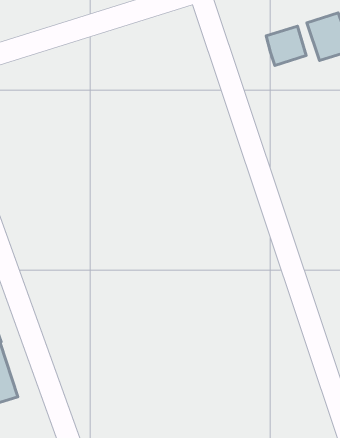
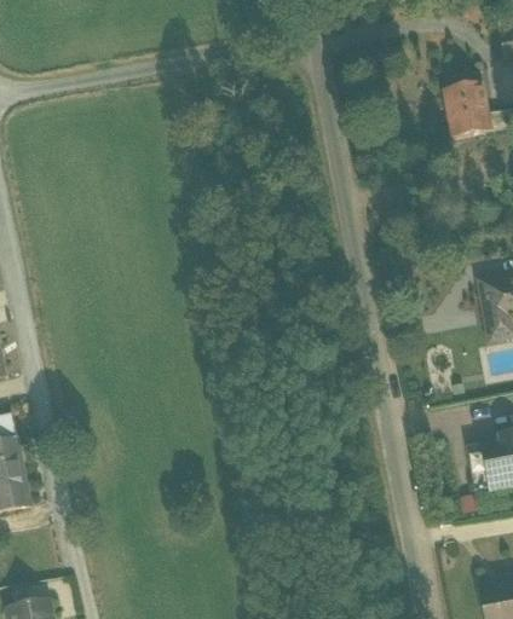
building: [266,26,306,65] -> none

